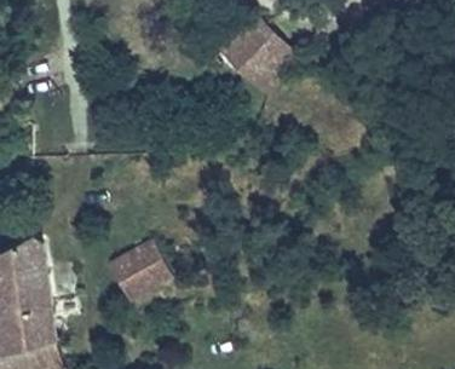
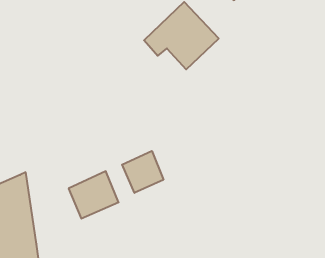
building: none -> [122,151,163,193]

